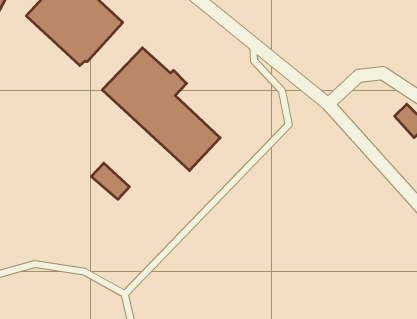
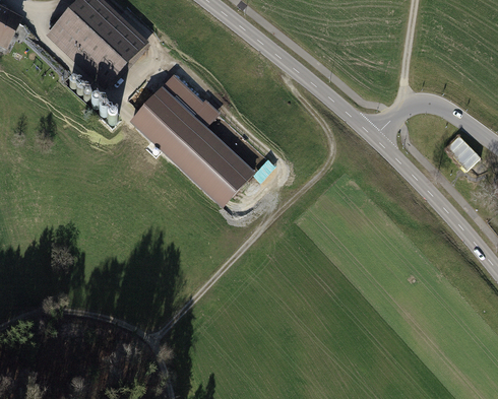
building: [91,163,129,199] -> none

